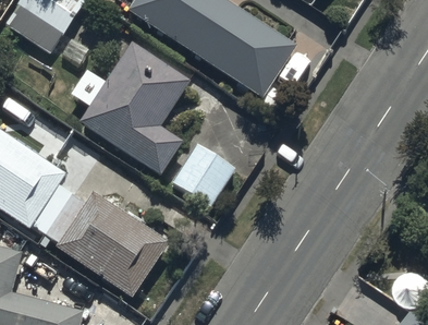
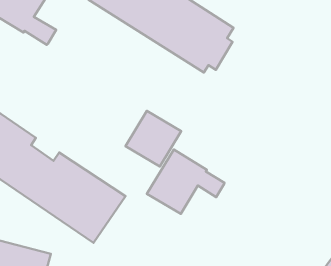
building: [62,40,192,174] -> none
building: none -> [147,149,225,214]

